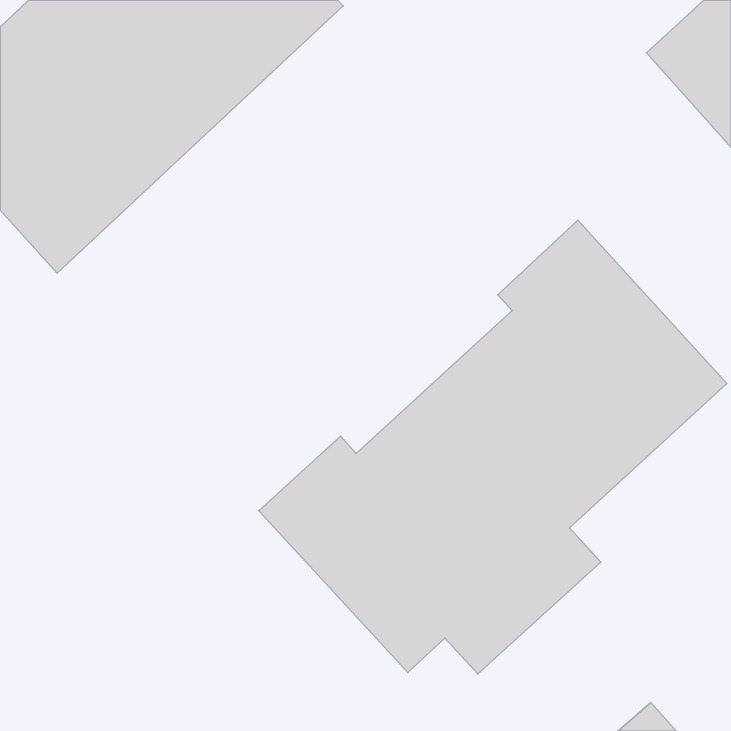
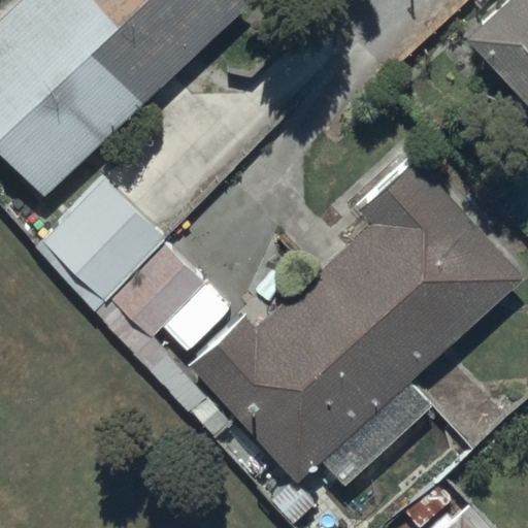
building: none -> [33,176,204,334]

